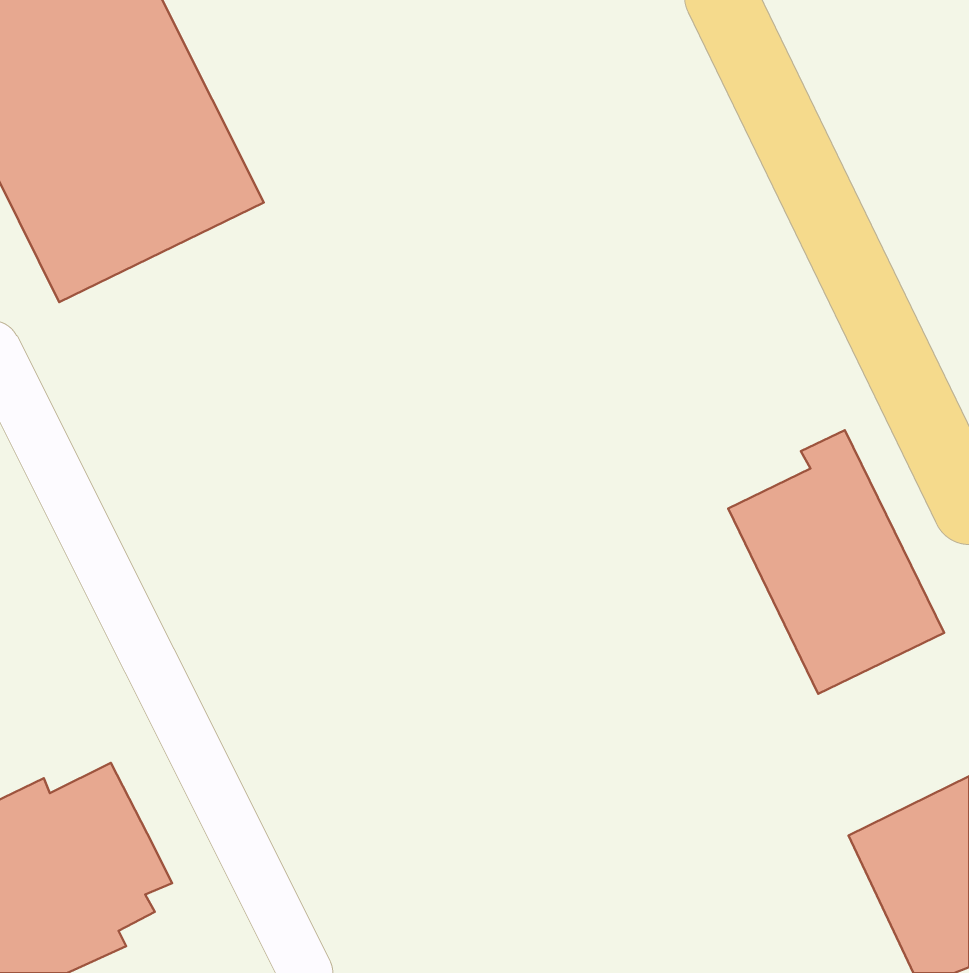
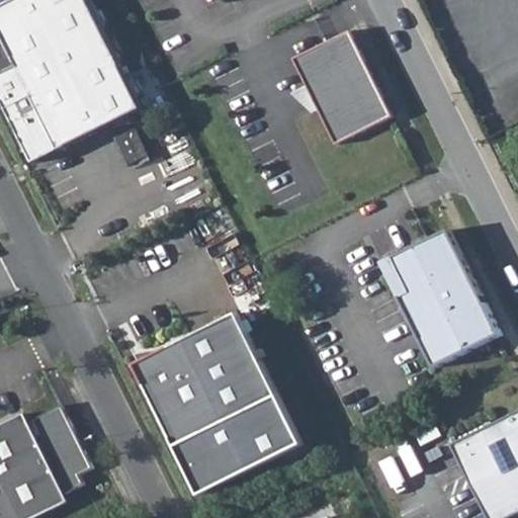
building: none -> [292,28,391,143]
building: none -> [133,313,301,495]

